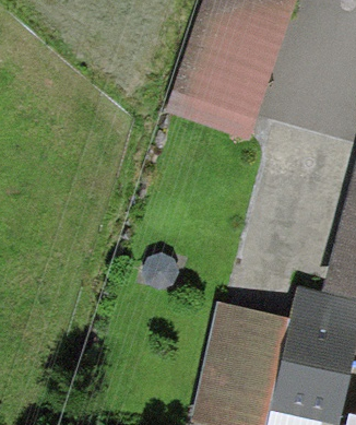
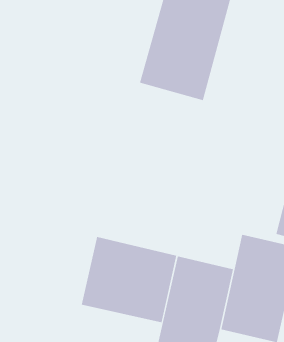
building: none -> [81,236,177,323]

